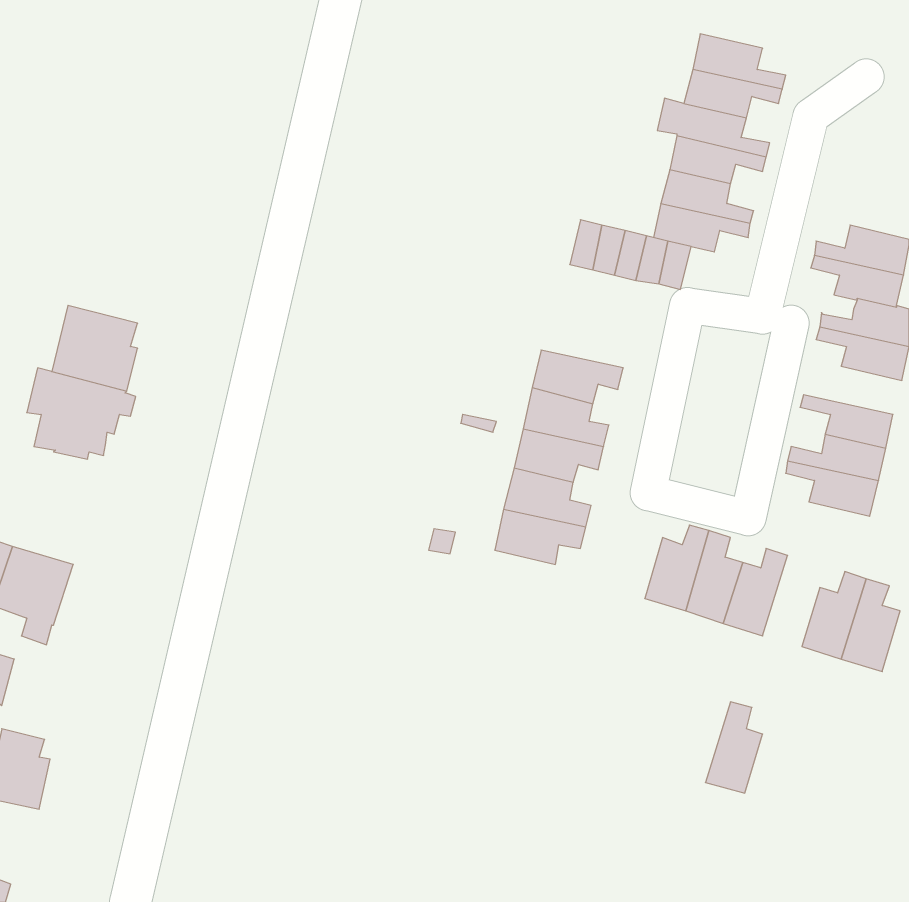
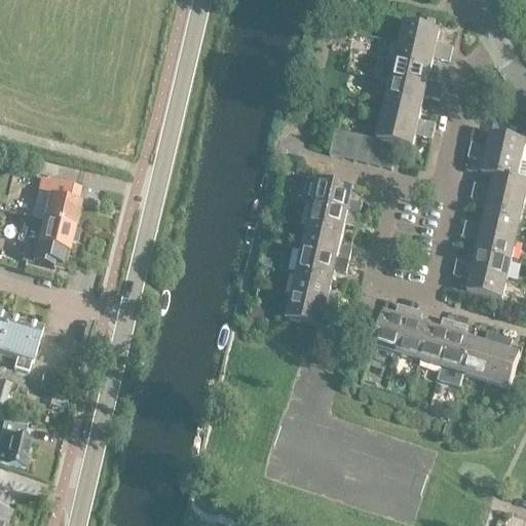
building: none -> [301,175,362,212]
building: none -> [462,211,519,238]
building: [705,702,763,793] -> [439,320,472,372]

